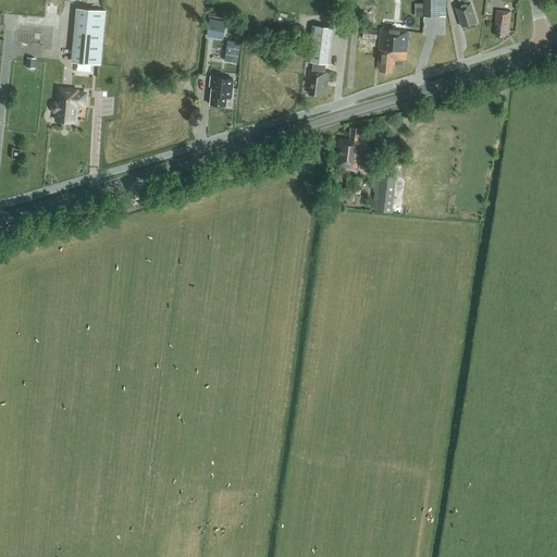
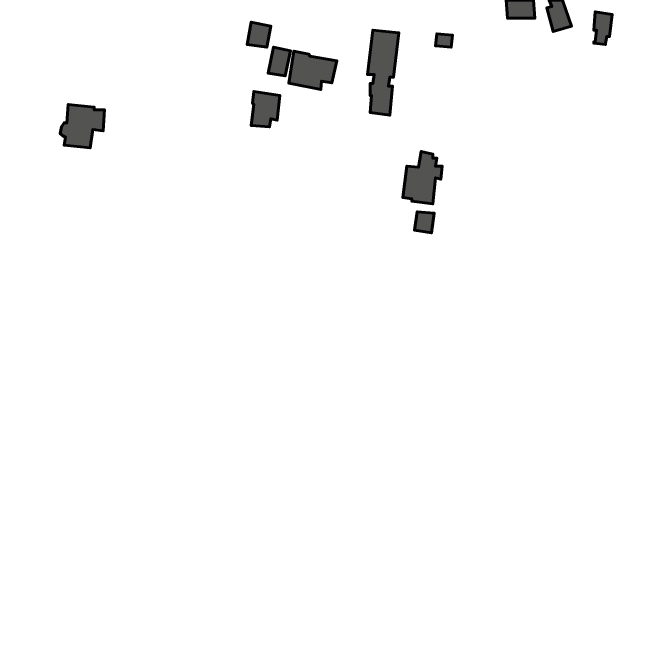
building: [70,8,106,65] -> none
building: [376,28,408,72] -> none
building: none -> [289,51,337,89]
building: [375,176,395,213] -> none

